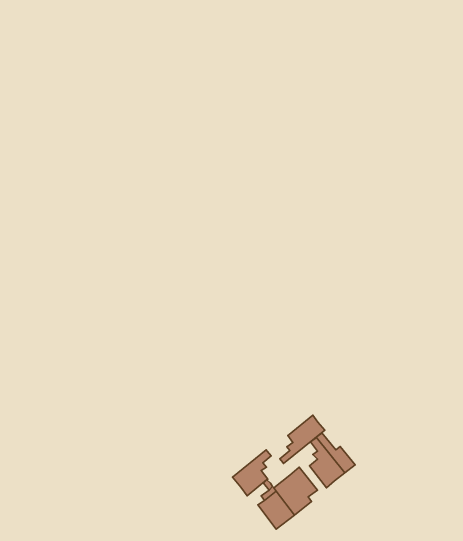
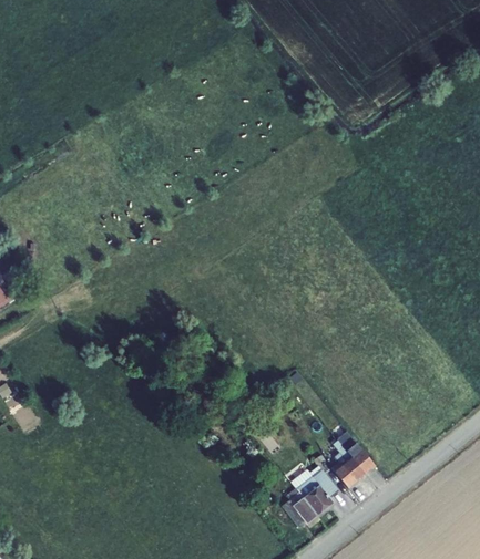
building: [280,415,325,464] -> none
building: [232,450,271,496] -> none

